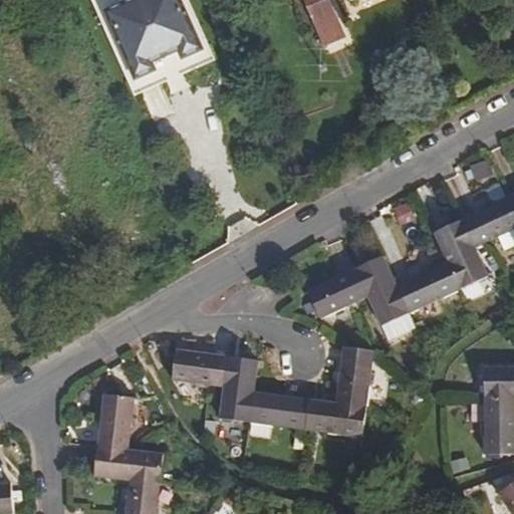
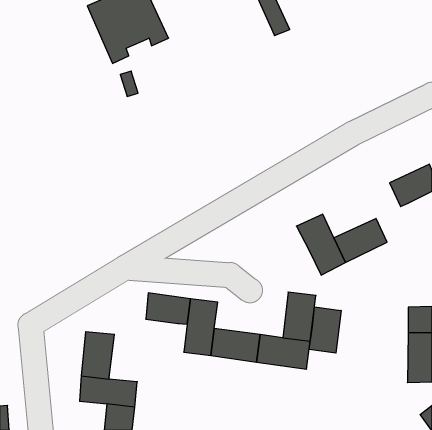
building: [433,217,488,287] -> none
building: [307,268,366,318] -> none
building: none -> [309,307,341,353]

